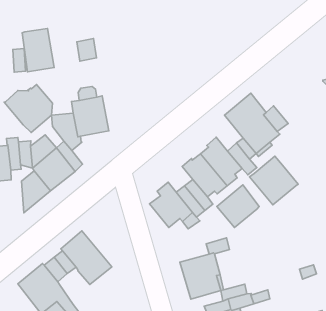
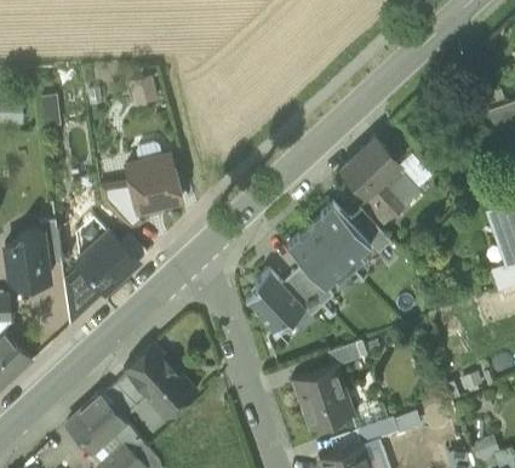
building: [22,28,54,72] -> none
building: [4,85,52,133] -> none
building: [249,156,298,205] -> none
building: [217,185,259,227] -> none

